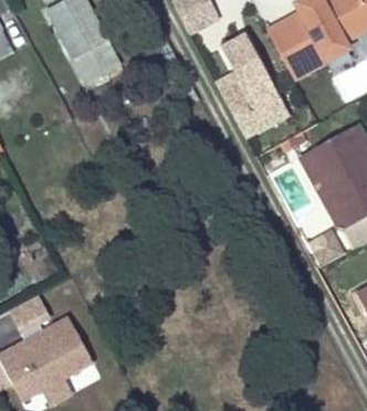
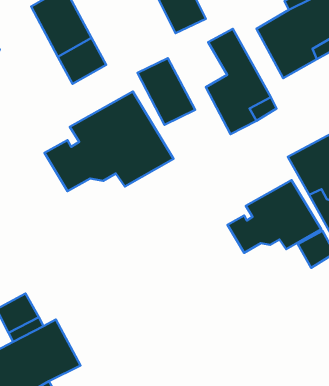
building: none -> [138,58,195,125]
building: none -> [45,92,173,191]
building: none -> [228,180,321,253]

